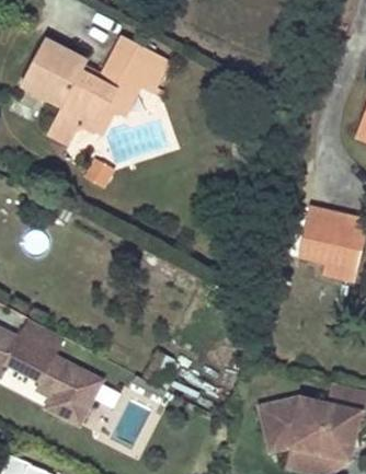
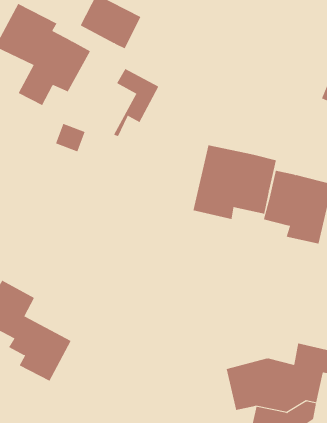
building: [96,60,144,130] -> [113,68,159,137]
building: none -> [193,145,277,220]

